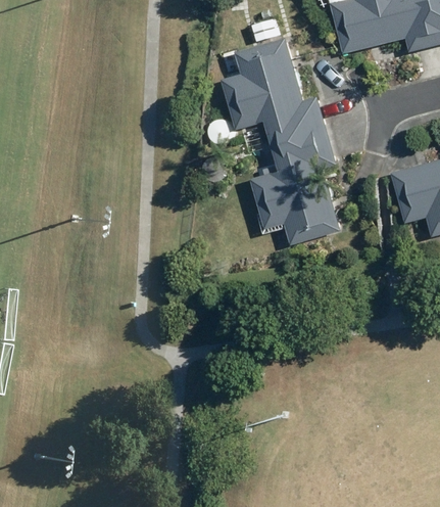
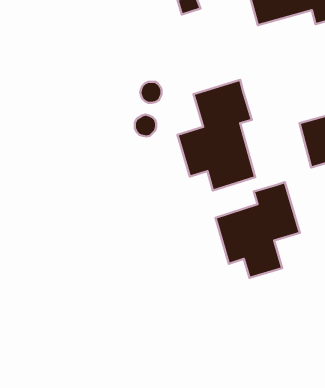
building: [222,38,323,135] -> none
building: none -> [216,182,300,278]

